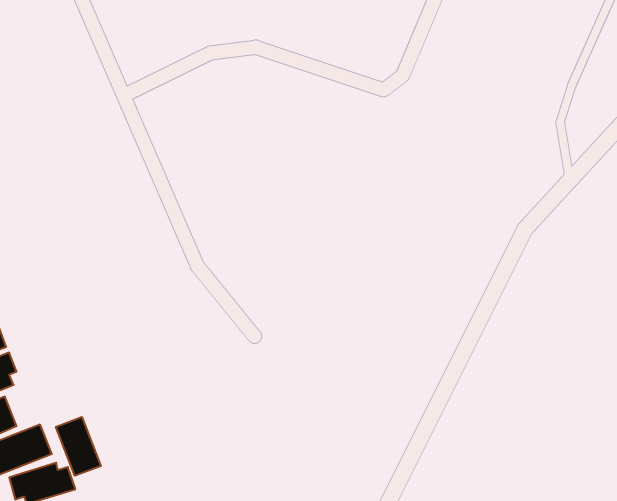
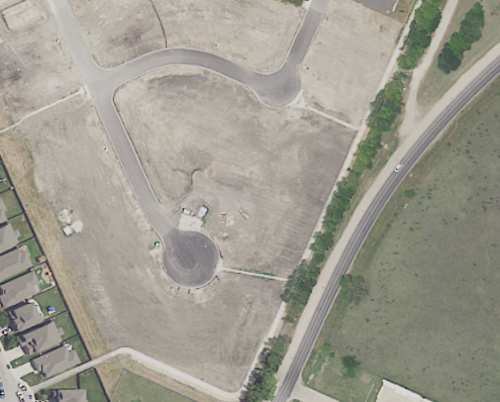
building: [56,417,101,476] -> none

